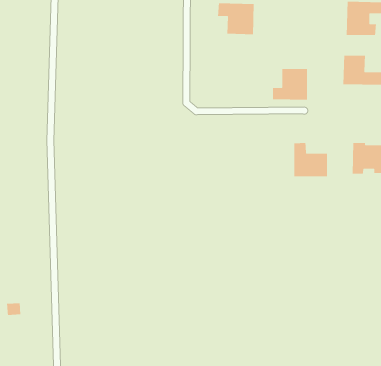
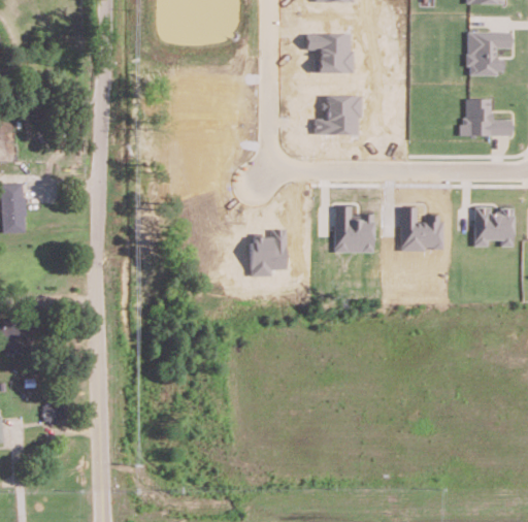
building: [272,68,308,101] -> [315,95,359,135]
building: none -> [333,205,373,252]
building: none -> [250,229,287,276]

